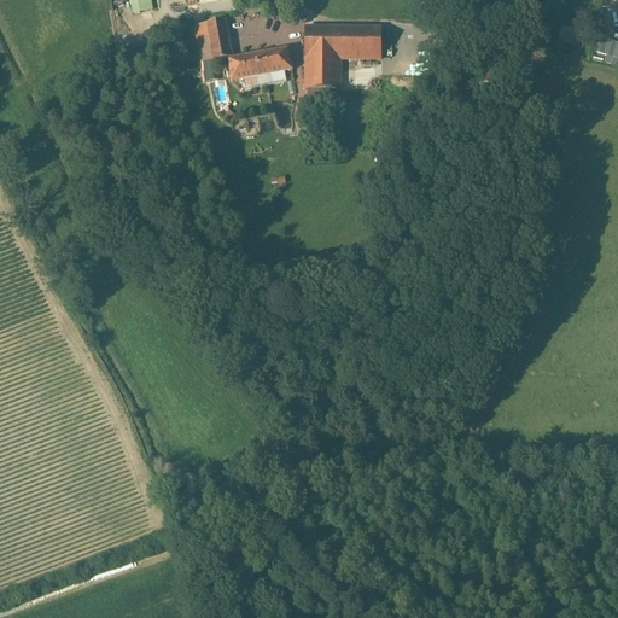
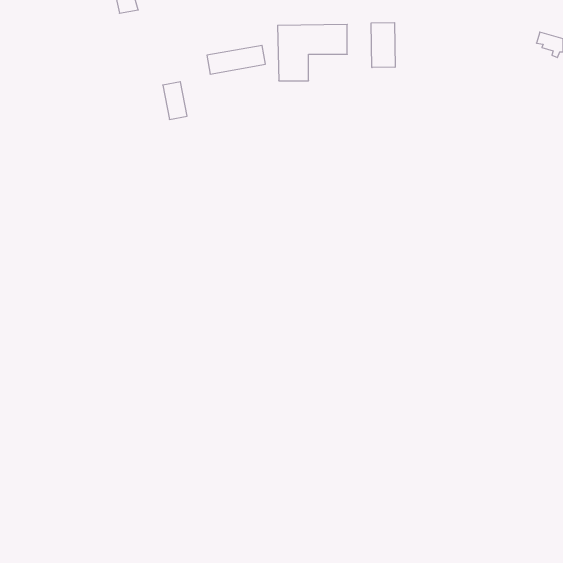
building: [203,19,229,60] -> [163,82,187,119]
building: none -> [371,23,395,68]

